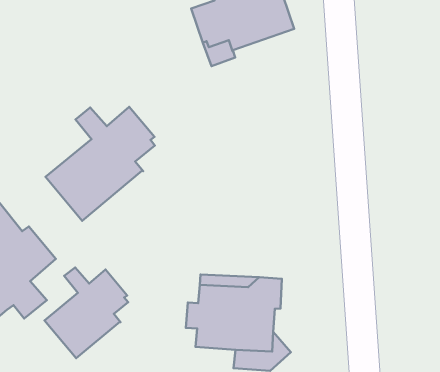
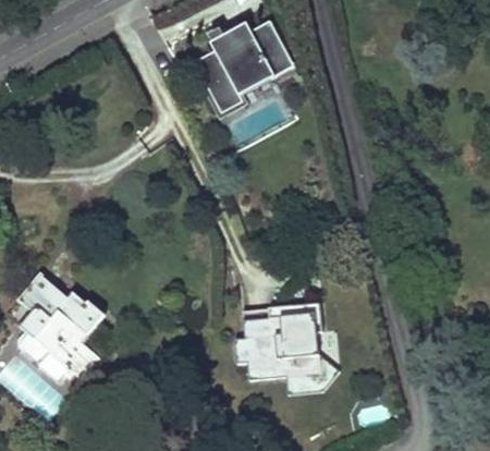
building: [45,107,155,221] -> none
building: [44,267,128,358] -> none

